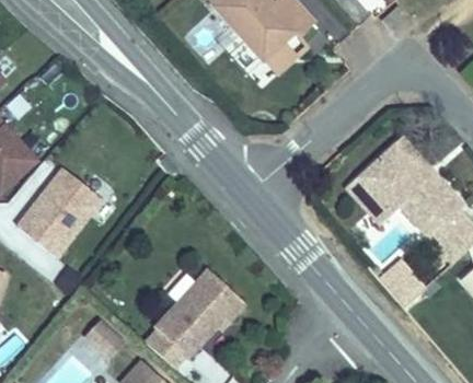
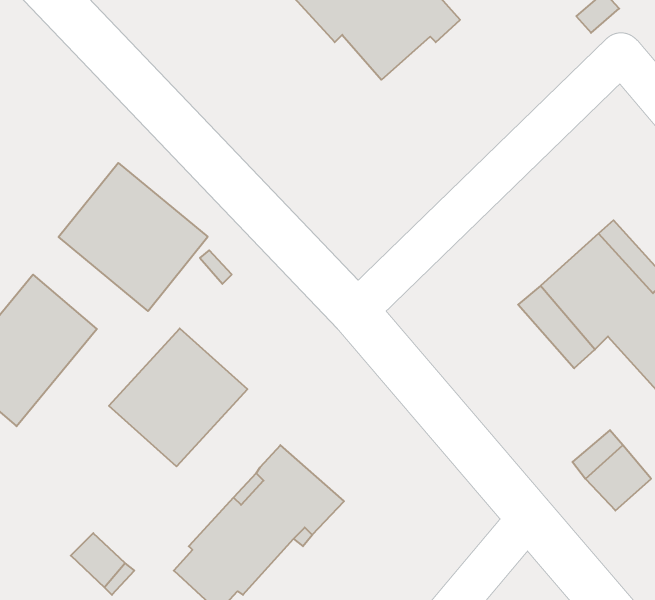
building: [240,30,308,74] -> none
building: none -> [59,163,208,311]
building: none -> [109,328,247,466]

